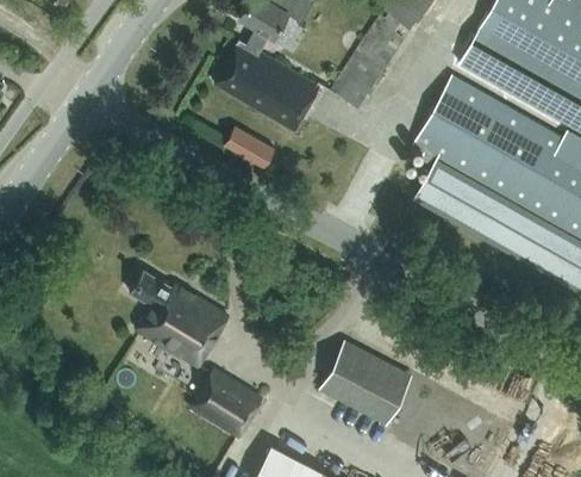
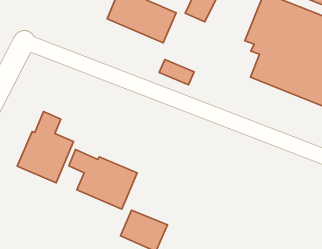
building: [224,128,275,169] -> [159,60,194,85]
building: none -> [17,111,74,183]
building: [324,343,411,421] -> none

